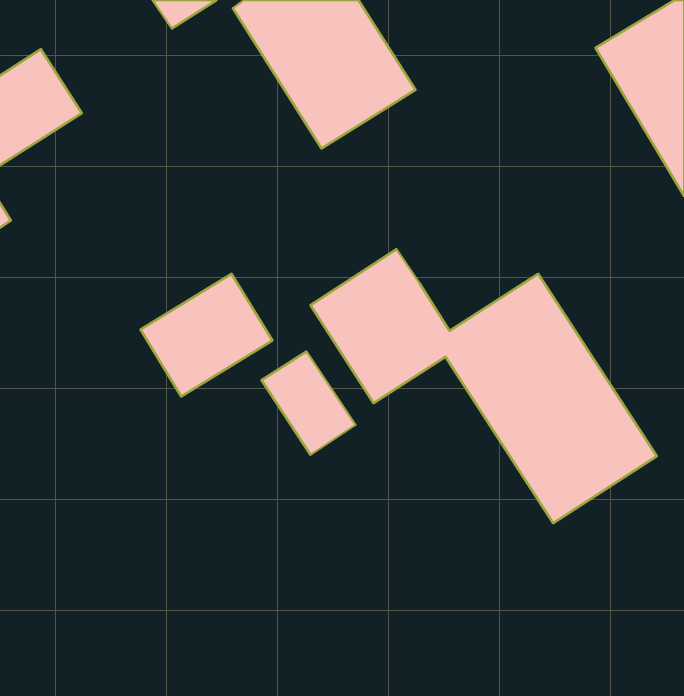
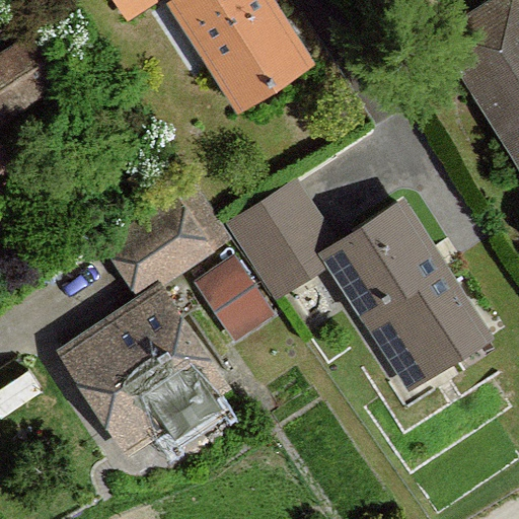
building: none -> [64,295,220,453]

